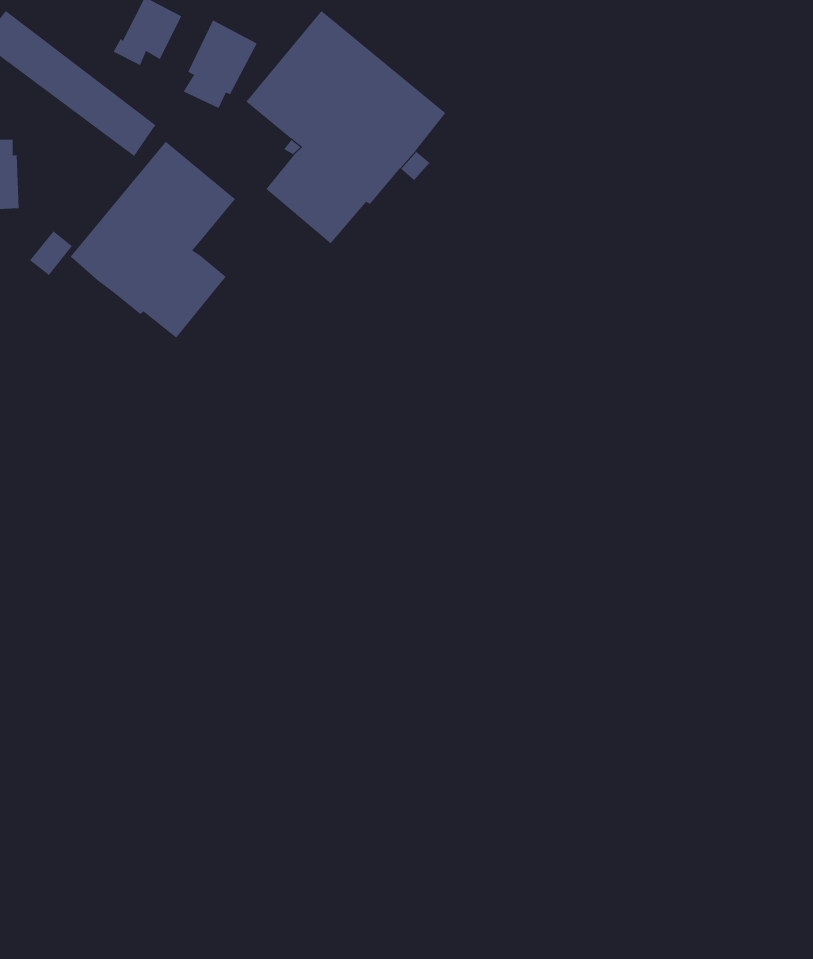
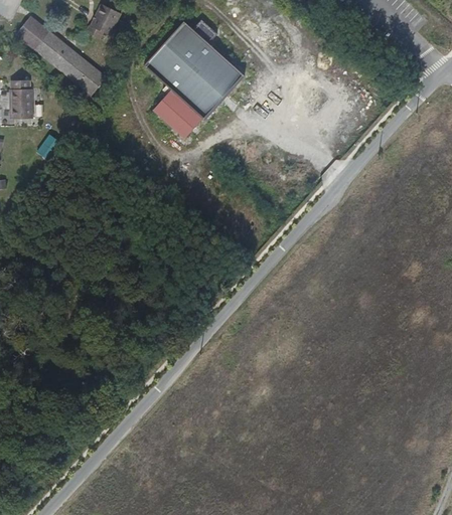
building: [183,19,257,109] -> none
building: [70,141,236,338] -> none

